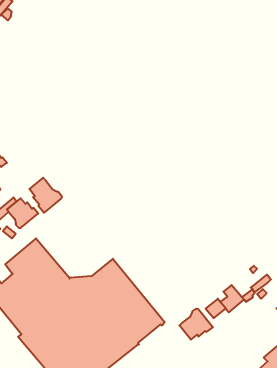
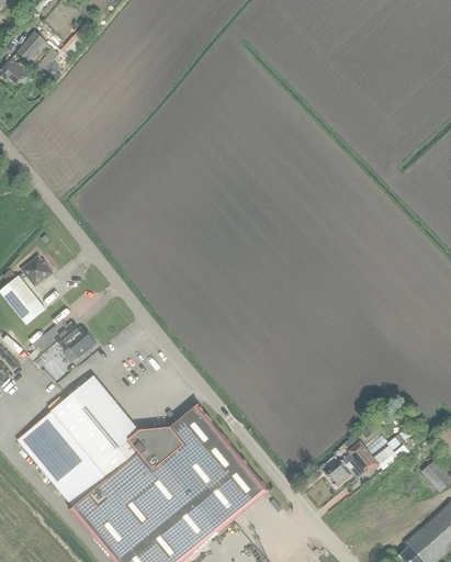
building: [29,178,62,213] -> none
building: [179,309,213,340] -> none

